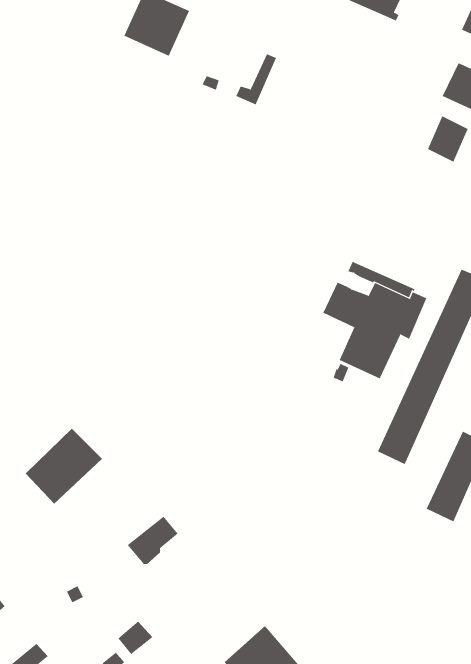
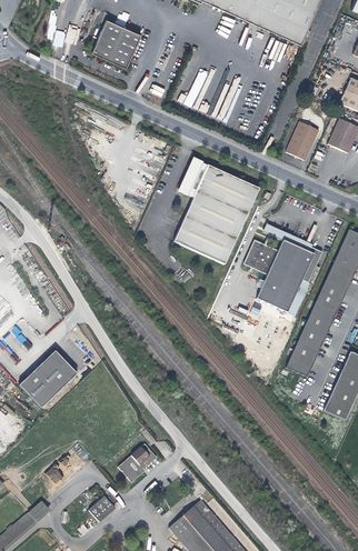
building: none -> [281,118,315,157]
building: none -> [172,160,259,264]
building: [127,516,178,564] -> [119,443,158,480]

